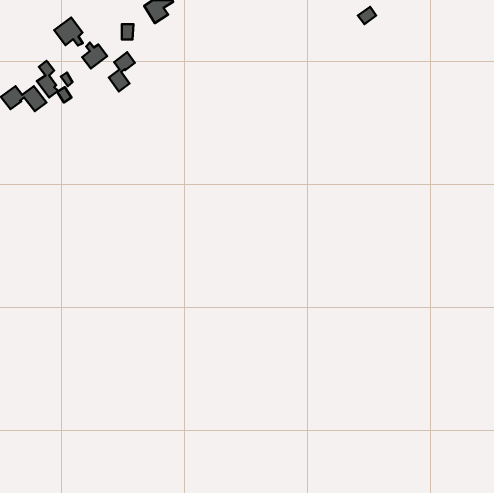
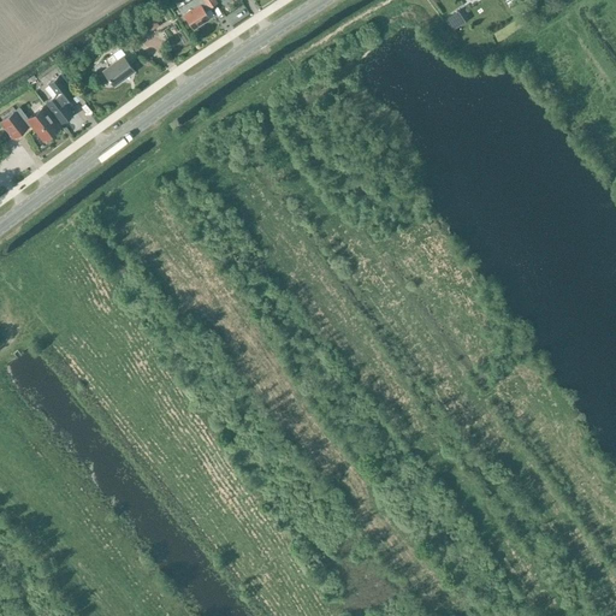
building: [54,18,83,46] -> none
building: [109,52,135,91] -> none

